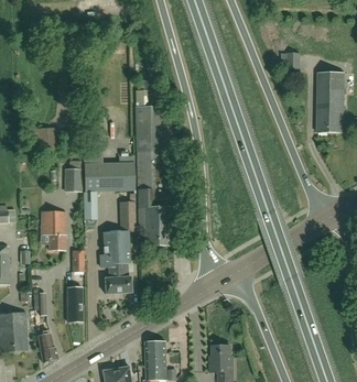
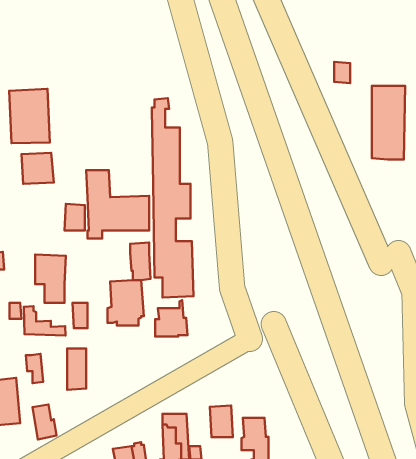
building: none -> [9,89,50,143]
building: none -> [24,306,65,335]
building: [106,262,132,292] -> [155,300,187,336]
building: none -> [210,406,233,437]

